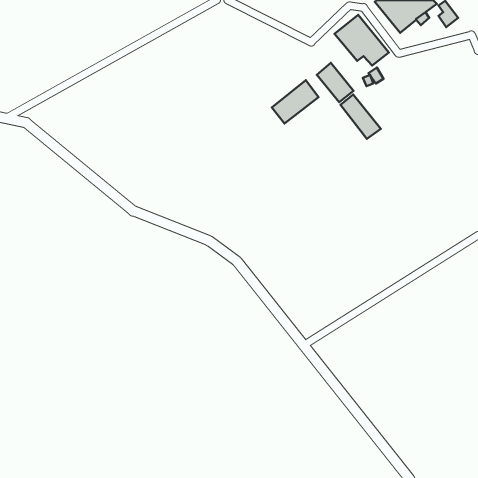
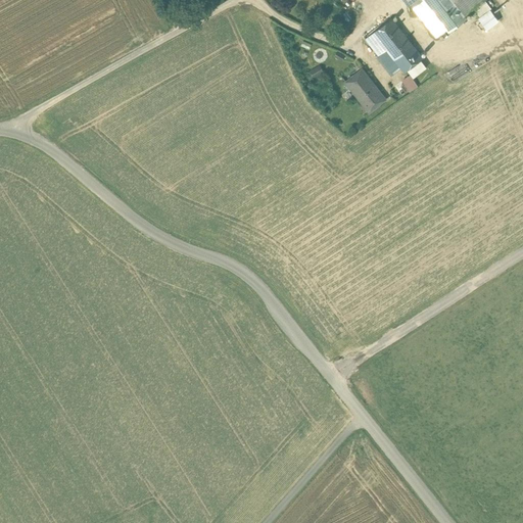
building: [272,80,318,123] -> none
building: [340,95,381,139] -> none

